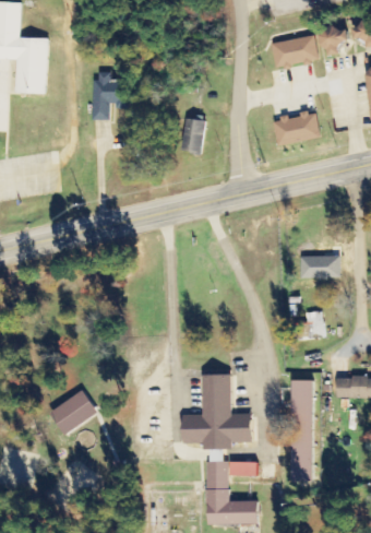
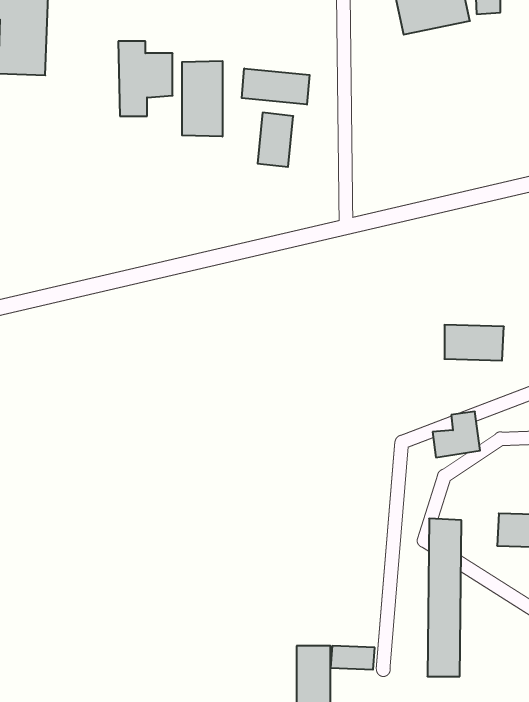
building: none -> [182,61,222,137]
building: none -> [242,68,310,105]
building: [273,111,320,144] -> none
building: [182,374,251,449] -> none
building: [48,390,96,435] -> none

